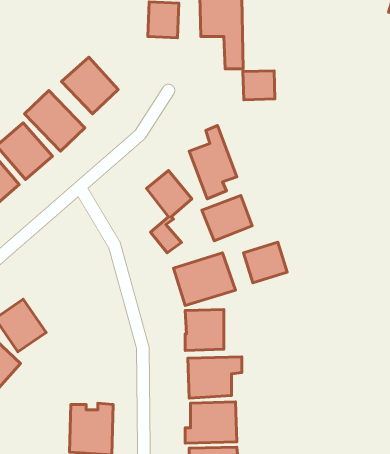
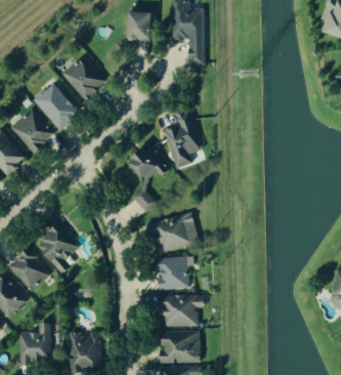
building: [243,71,275,100] -> none
building: [202,196,252,241] -> none
building: [243,242,287,283] -> none
building: none -> [35,223,79,274]
building: none -> [17,323,48,364]

